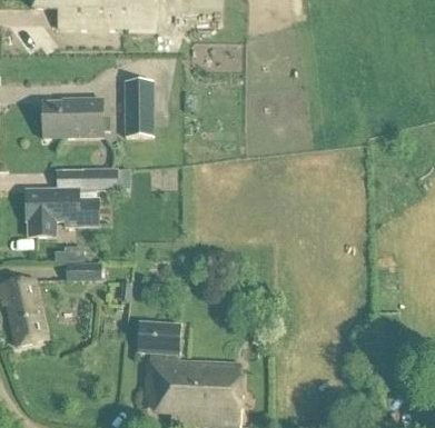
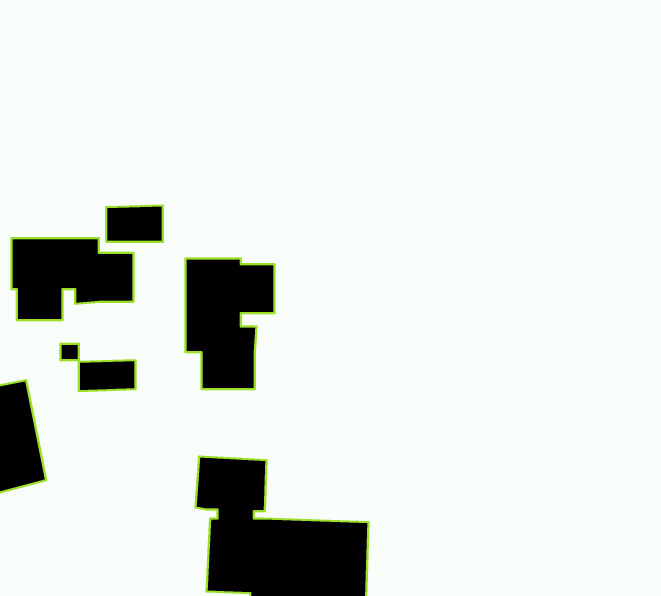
building: [123,80,154,136] -> none
building: [40,96,101,136] -> none
building: none -> [186,258,274,389]

